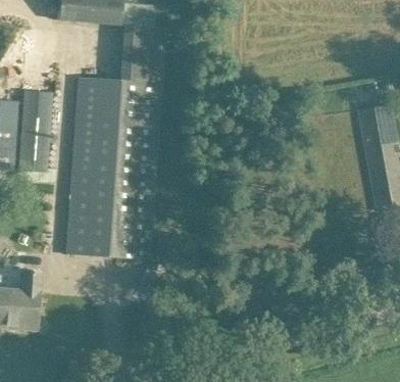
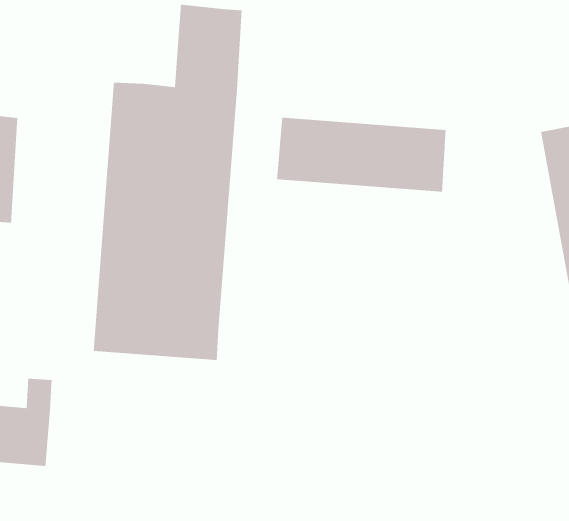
building: [16,91,51,172] -> none
building: none -> [276,117,447,192]

